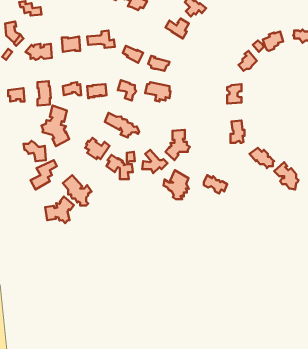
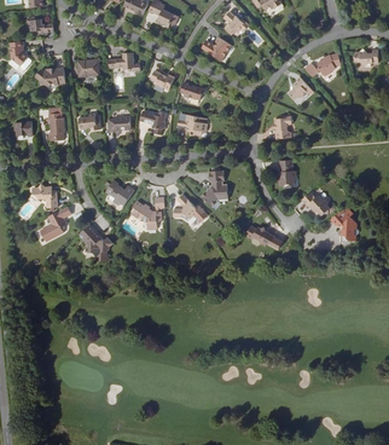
building: [42,106,69,146] -> none
building: [105,113,139,138] -> none
building: [163,170,189,199] -> none
building: [45,197,74,223] -> none

